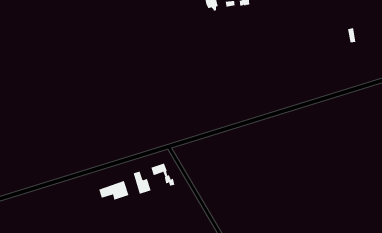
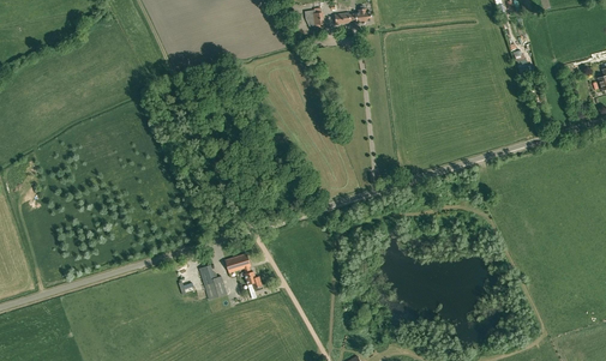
building: [99,180,129,200] -> none

